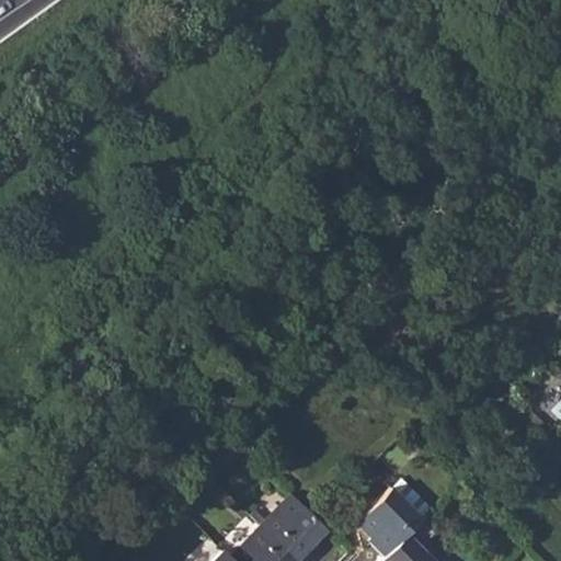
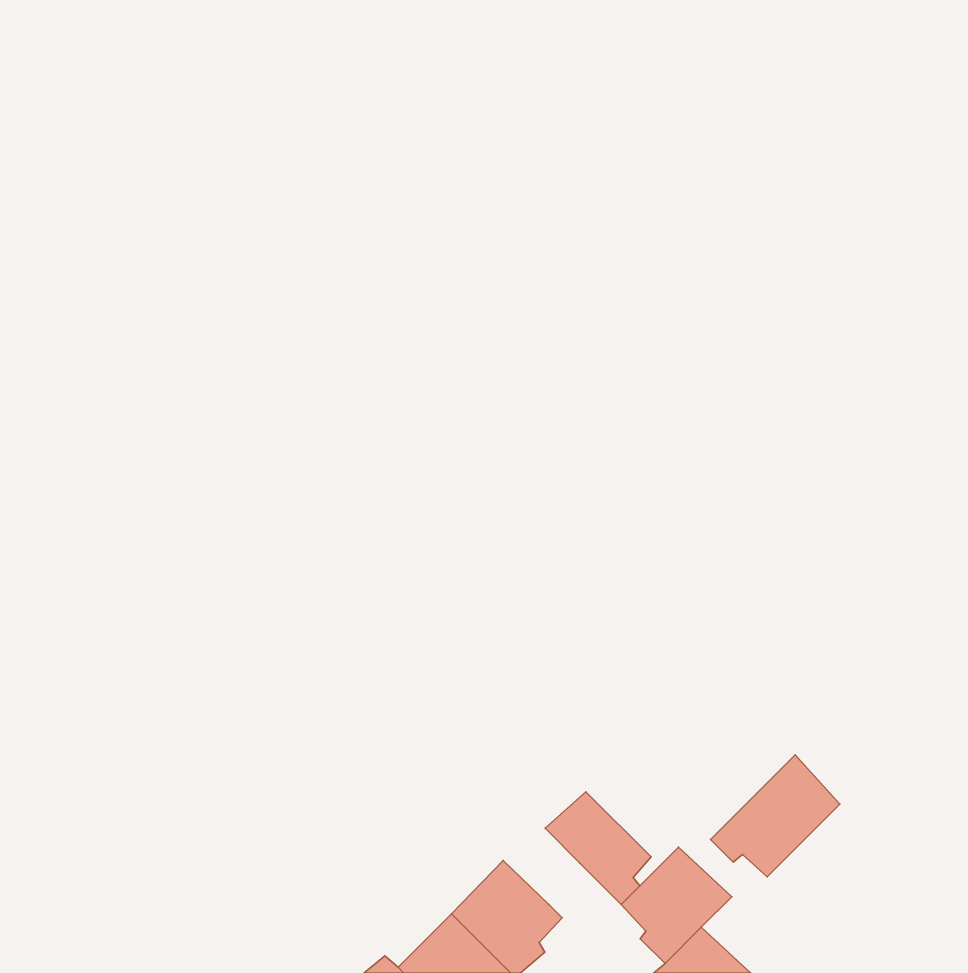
building: none -> [710,755,840,877]
building: none -> [545,792,651,904]

